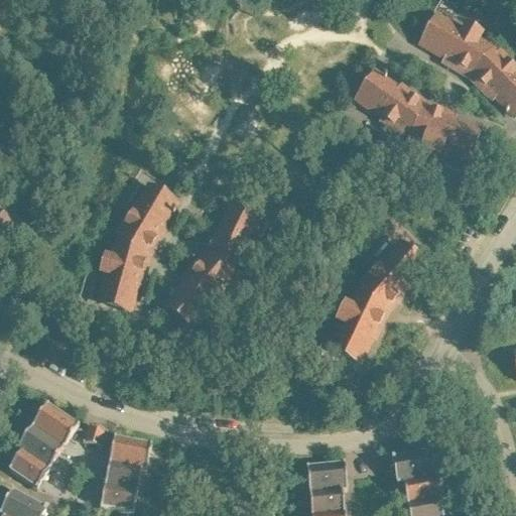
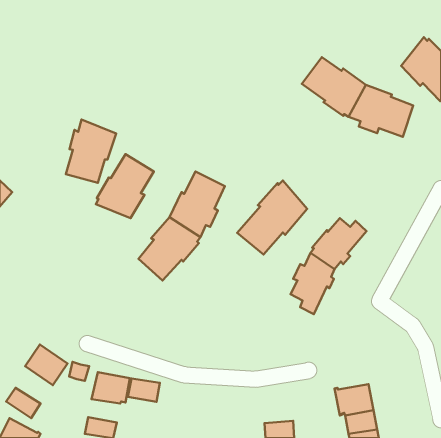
building: [416,10,494,77] -> none
building: none -> [237,180,307,255]
building: [94,238,152,311] -> [66,120,116,183]
building: [16,426,61,470] -> none
building: [305,460,347,493] -> none
building: [103,465,140,492] -> [128,379,160,402]

